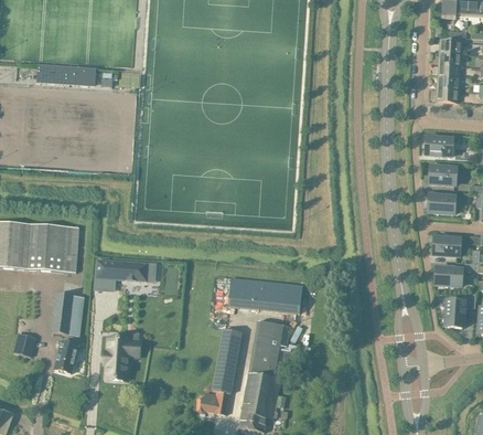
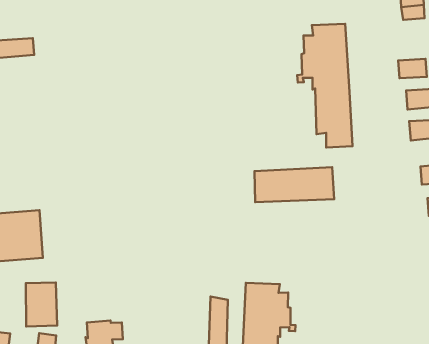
building: none -> [297,24,352,148]
building: [95,259,148,280] -> none
building: [227,277,302,314] -> [254,167,334,202]

